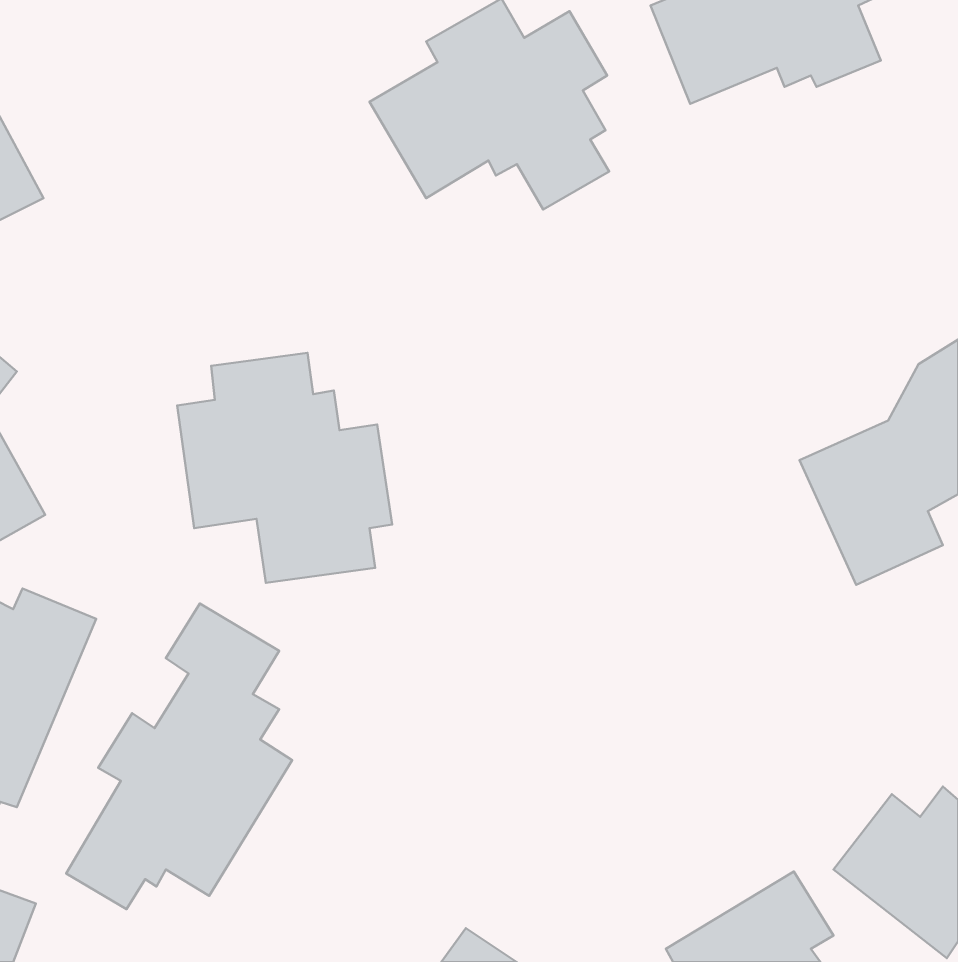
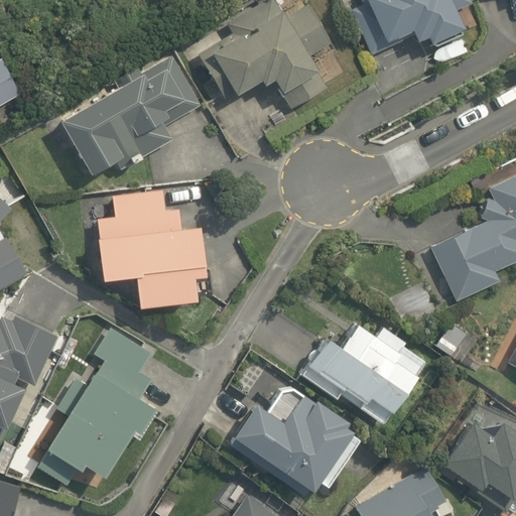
building: none -> [60,56,201,179]
building: none -> [308,322,434,418]
building: none -> [236,400,366,494]

